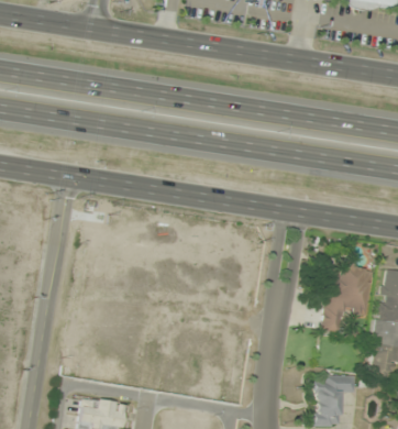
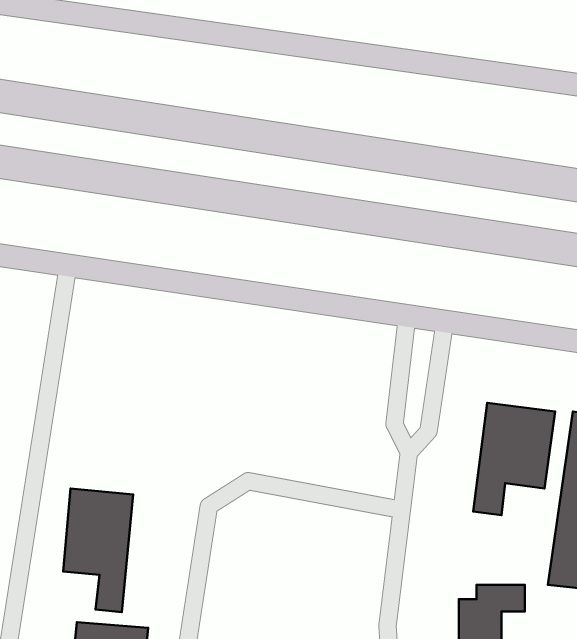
building: none -> [63,488,133,612]

